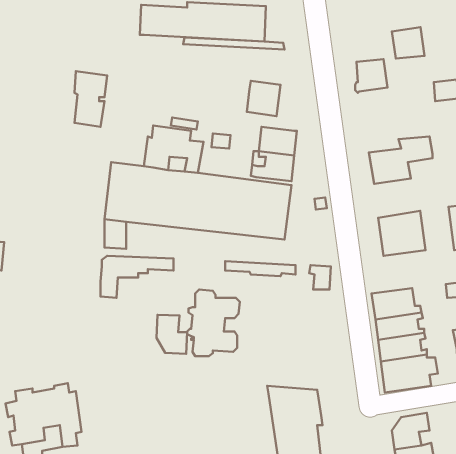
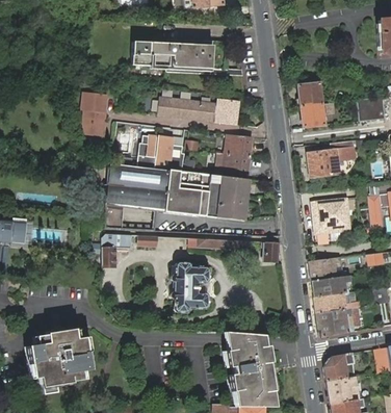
building: [392,27,424,58] -> [301,103,325,127]
building: none -> [160,99,216,122]
building: [157,315,187,354] -> none

